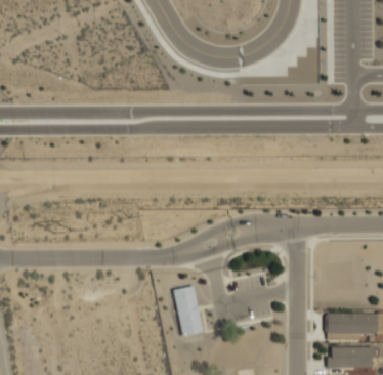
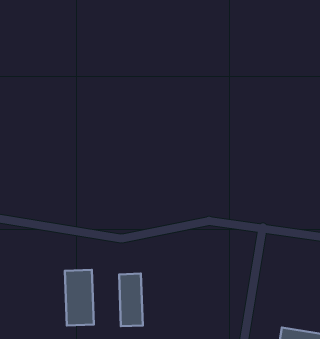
building: none -> [65,270,94,326]

